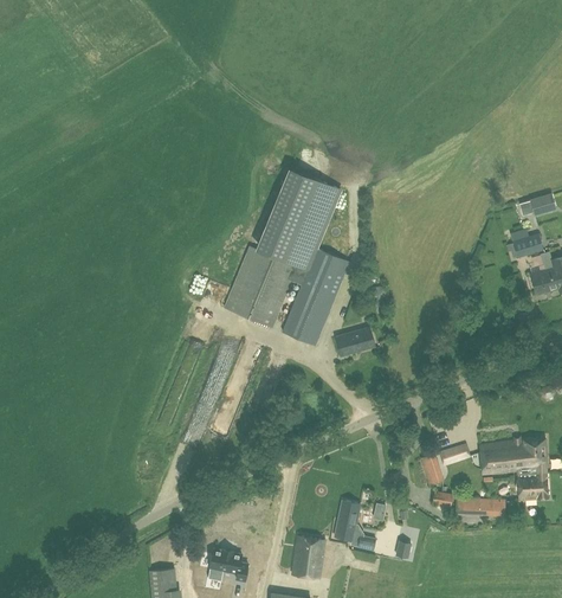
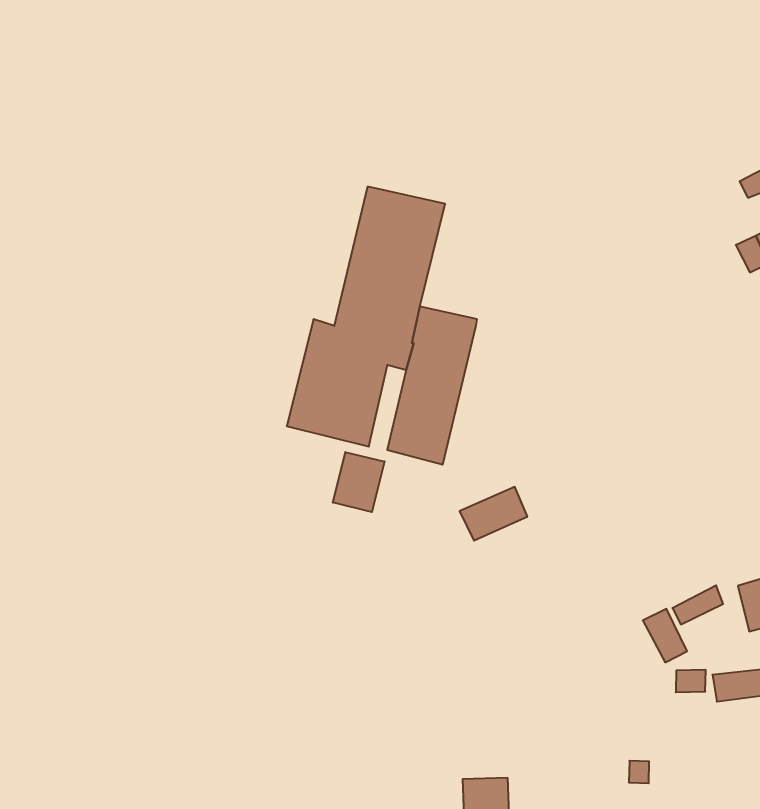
building: [334,328,374,356] -> [460,487,527,541]
building: none -> [333,452,385,512]
building: [334,500,375,549] -> none

